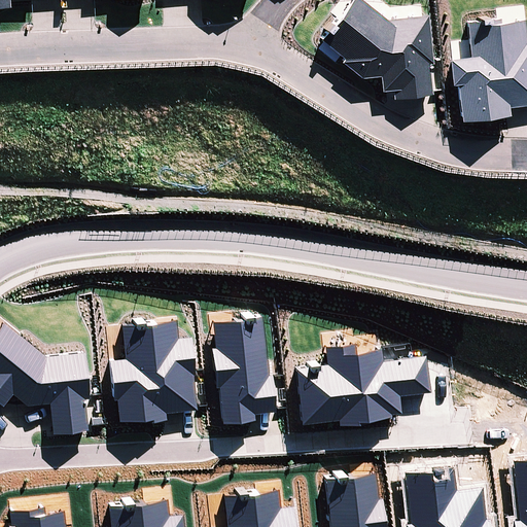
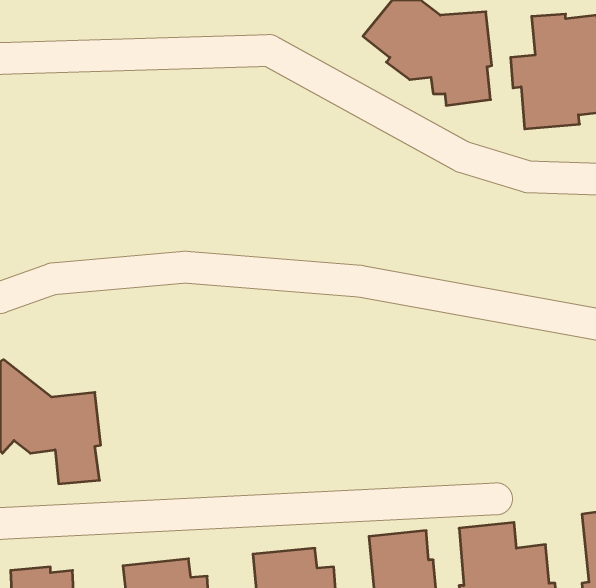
building: [213,319,276,424] -> none
building: [111,322,198,424] -> none
building: [296,345,430,424] -> none

